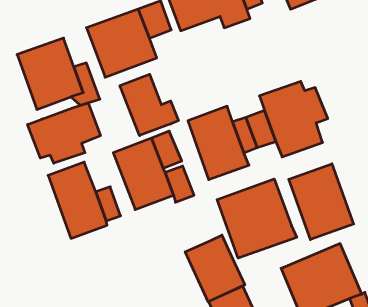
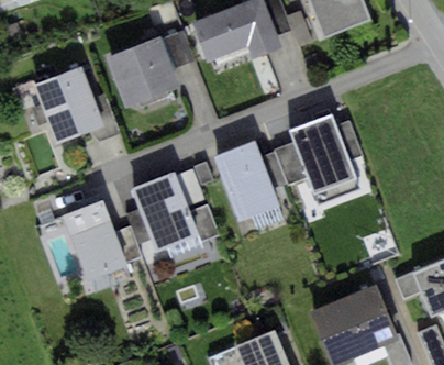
building: [120,74,178,136] -> none
building: [28,103,100,163] -> none
building: [289,164,354,240] -> none
building: [217,179,297,258] -> none
building: [185,235,245,302] -> none

